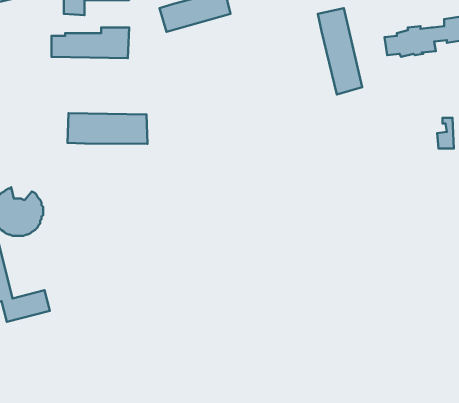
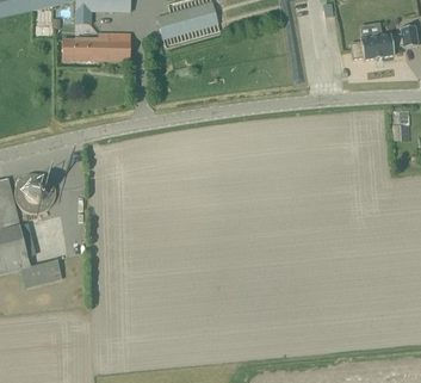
building: [318,8,362,94] -> none
building: [68,113,147,144] -> none

